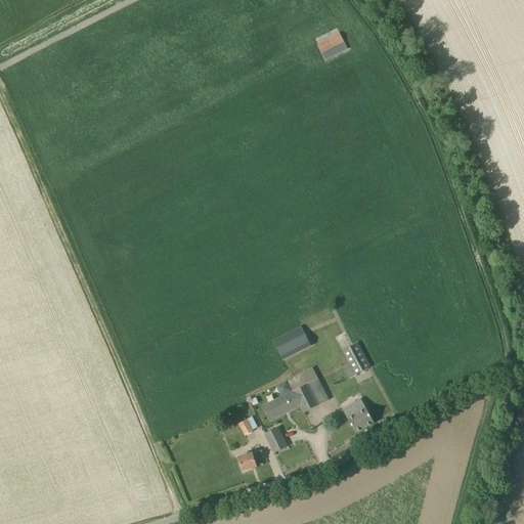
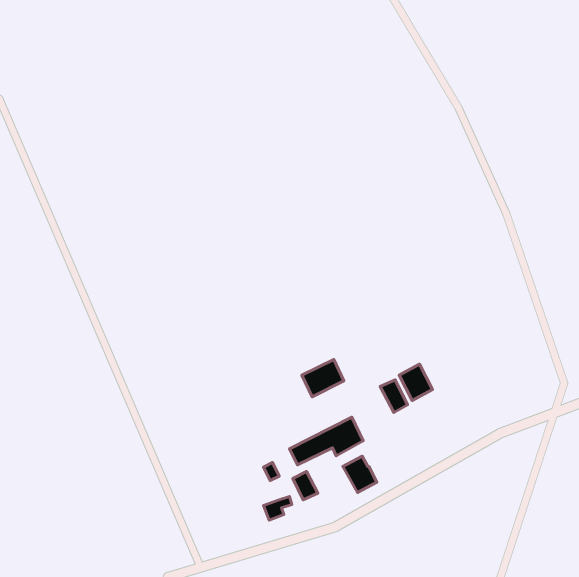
building: [316,31,347,58] -> none
building: none -> [399,364,433,400]
building: [342,398,373,431] -> [343,456,377,492]

